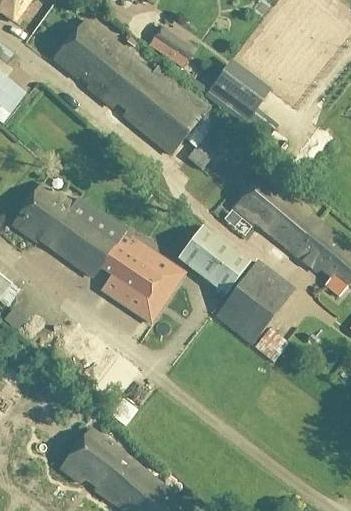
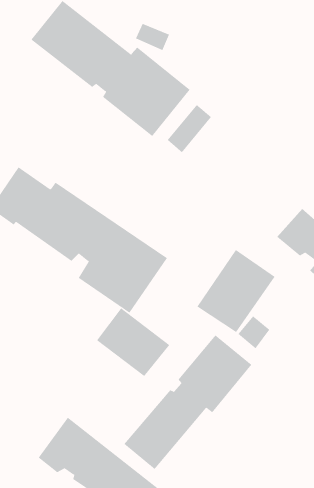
building: [206,59,269,121] -> none
building: [234,174,317,251] -> none
building: [176,226,248,294] -> [96,307,170,377]
building: none -> [124,334,252,470]

